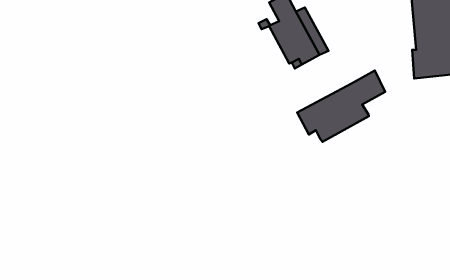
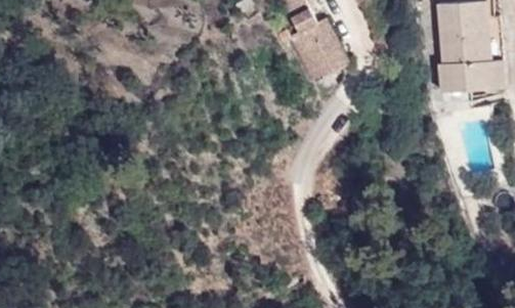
building: [297,71,385,142] -> none

